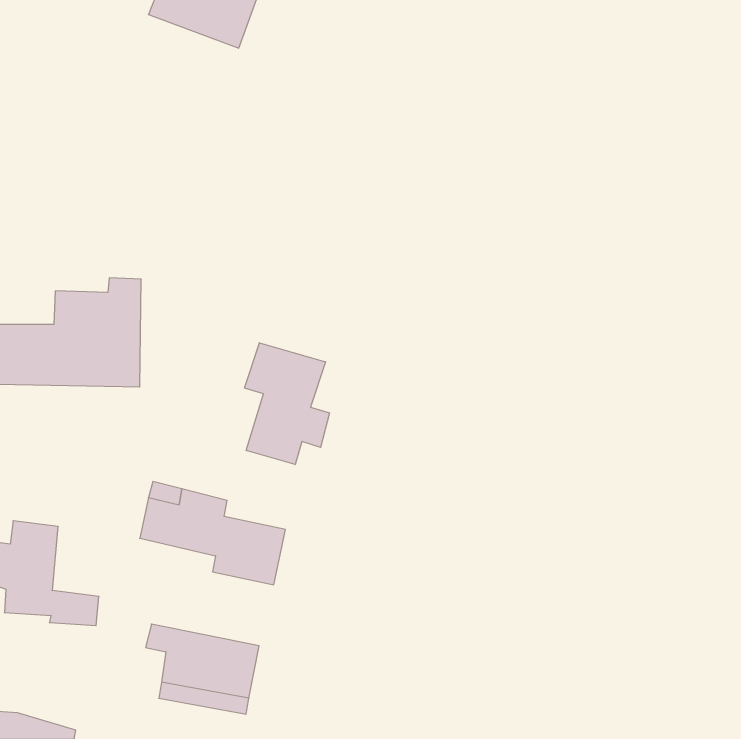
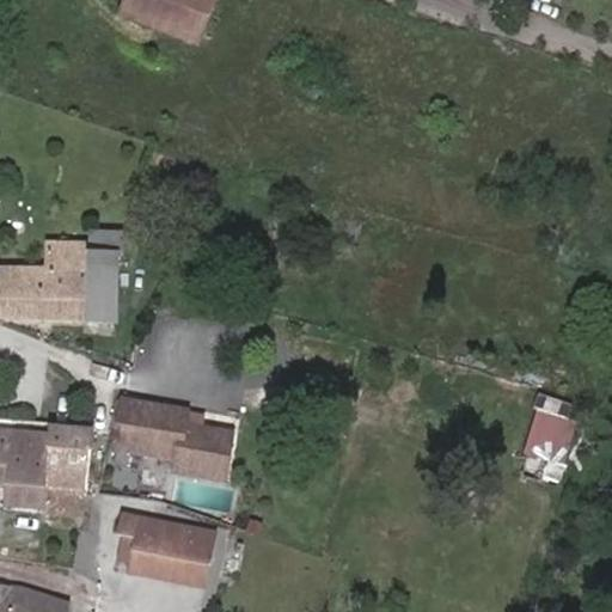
building: [244,343,330,465] -> none
building: none -> [525,403,576,455]
building: none -> [43,428,88,490]

